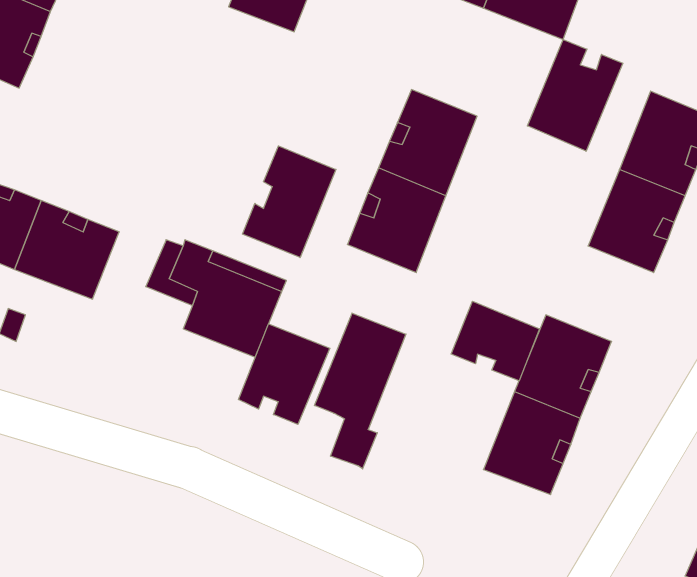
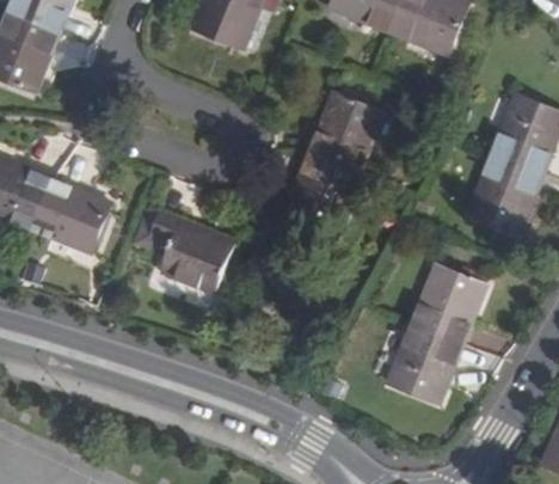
building: [527,40,623,151] -> none
building: [243,146,336,258] -> none
building: [451,301,540,381] -> none
building: [315,313,406,469] -> none
building: [239,324,330,424] -> none

